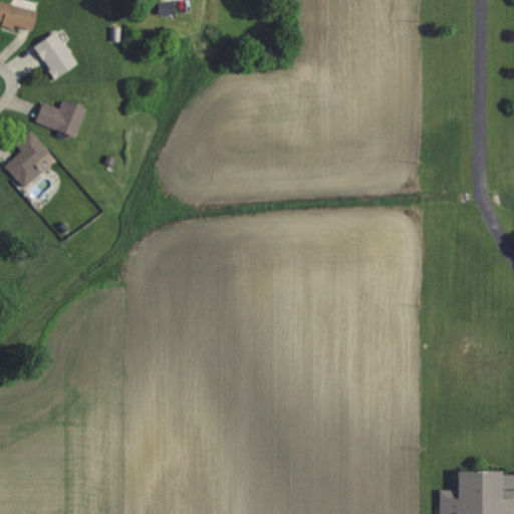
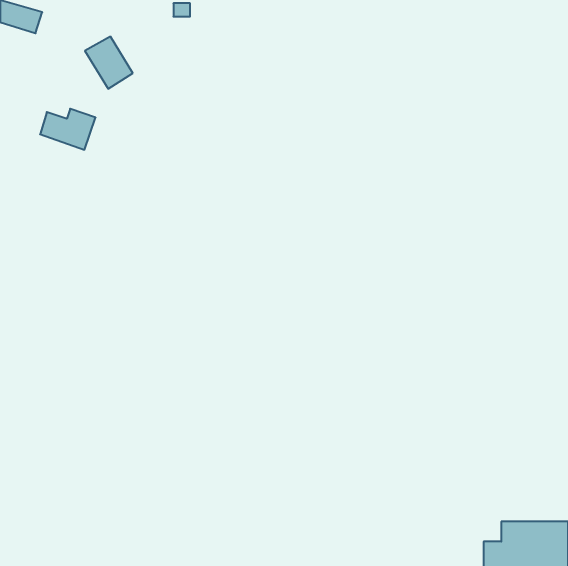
building: [34,32,77,79] -> [85,37,133,89]
building: [5,130,50,187] -> none

